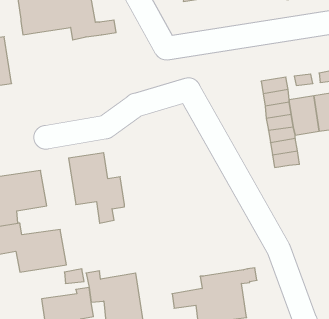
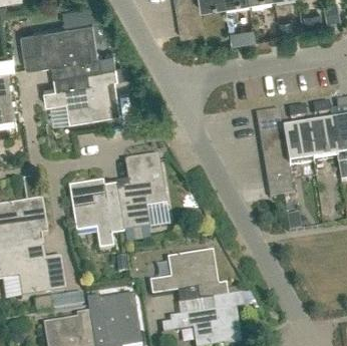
building: none -> [44,67,117,124]
building: none -> [118,156,167,234]
building: none -> [151,253,240,303]

